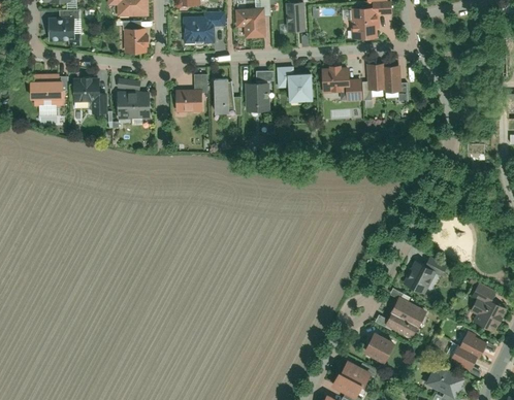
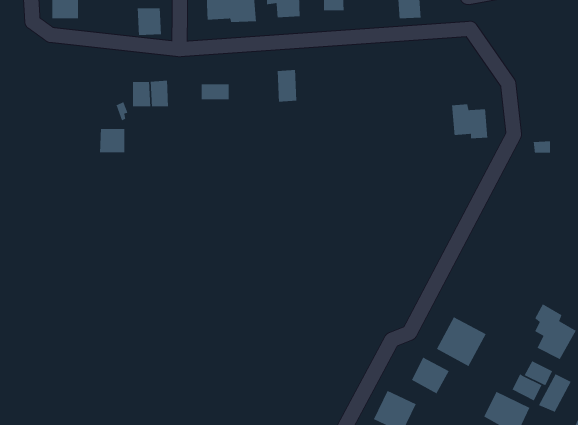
building: [367,61,399,92] -> [451,104,488,139]
building: [279,66,311,100] -> none
building: [324,66,361,99] -> none
building: [73,78,96,100] -> [99,128,125,153]
building: [211,78,232,111] -> none
building: [32,81,62,102] -> none
building: [403,260,437,294] -> none
building: none -> [538,373,572,413]

